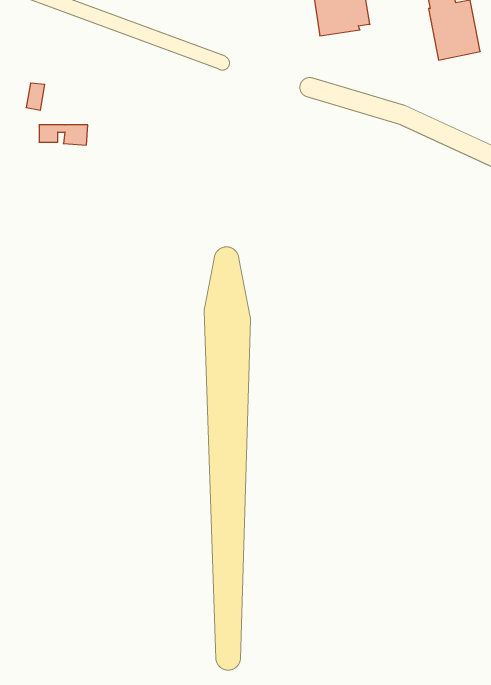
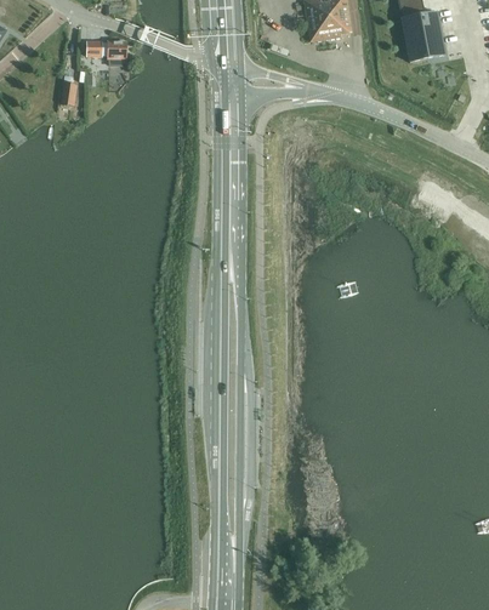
building: [39,125,88,145] -> [87,40,129,57]

